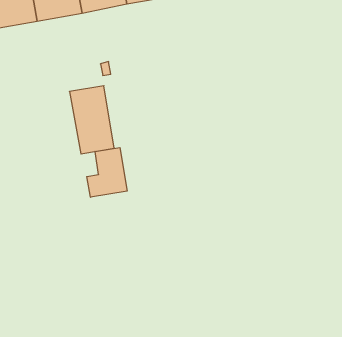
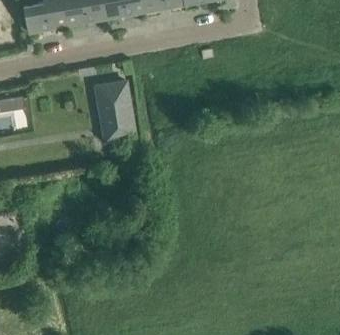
building: [87,148,127,197] -> none

